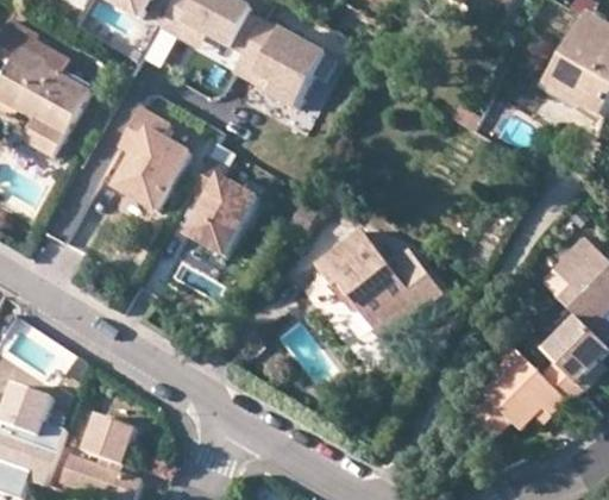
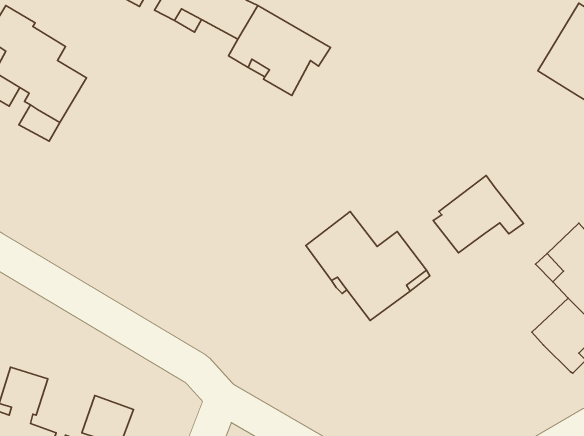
building: [117,104,192,207] -> none
building: [187,155,259,252] -> none
building: none -> [433,175,524,253]
building: [473,348,579,435] -> none

